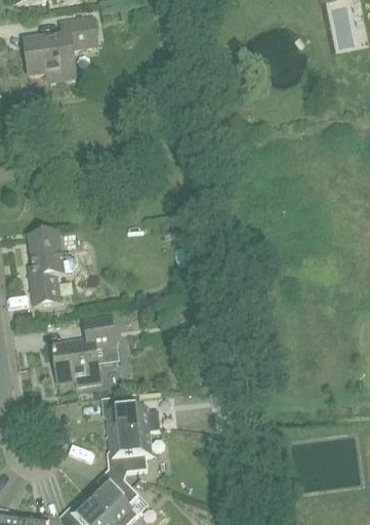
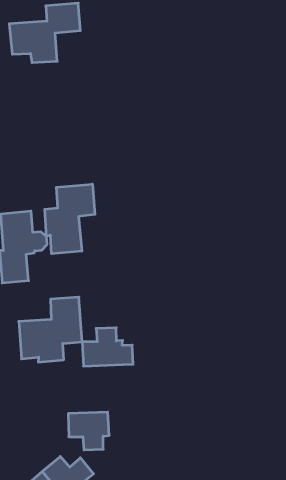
building: none -> [45,184,95,254]
building: [106,394,159,435] -> [82,328,133,366]

